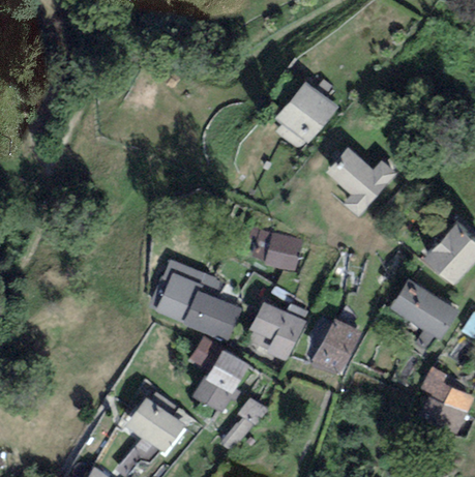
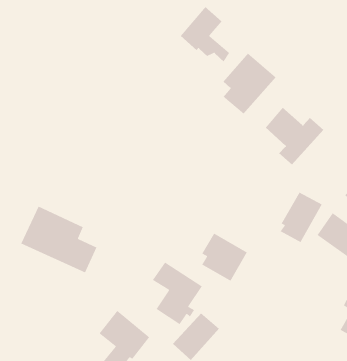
building: none -> [180,6,230,62]
building: [250,233,302,273] -> none
building: [148,260,242,342] -> [20,205,97,273]
building: [310,317,363,380] -> [280,191,323,243]

